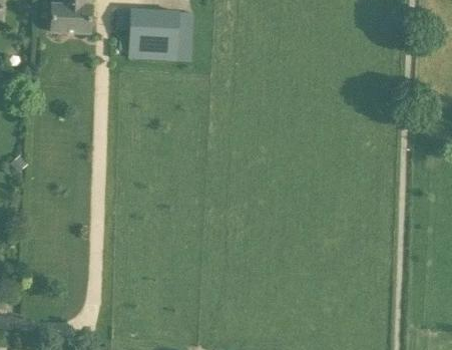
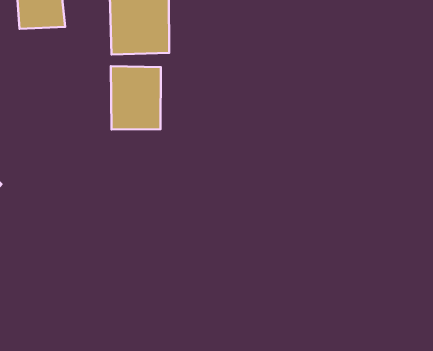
building: none -> [111,66,161,130]

